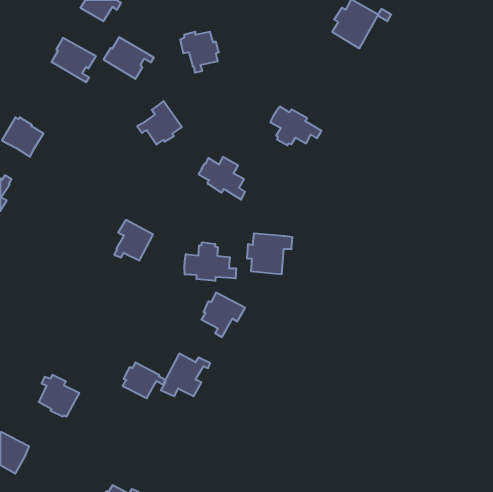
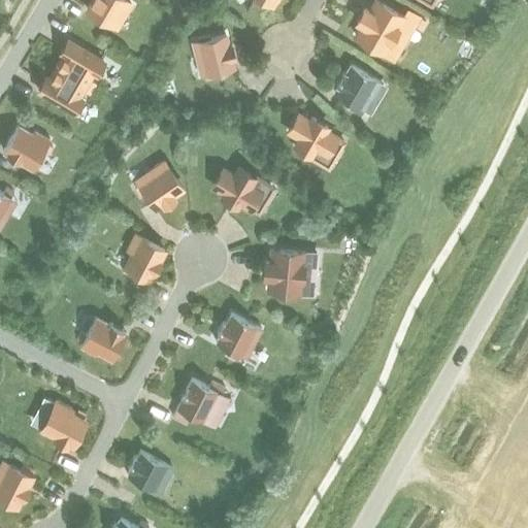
building: [104,37,154,79] -> [40,69,94,113]
building: none -> [335,66,382,118]
building: [137,101,182,145] -> [136,163,184,209]
building: [184,242,236,281] -> none
building: none -> [78,320,127,361]
building: [123,362,165,398] -> [128,452,173,490]

